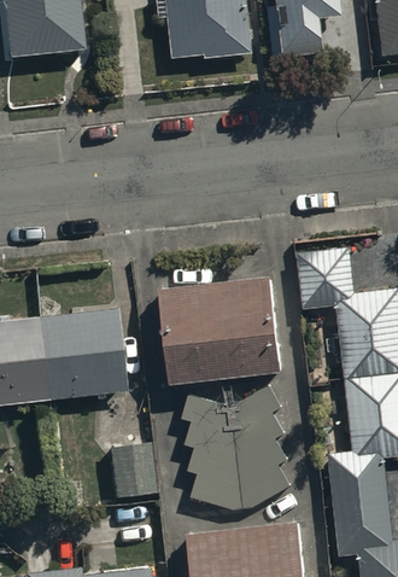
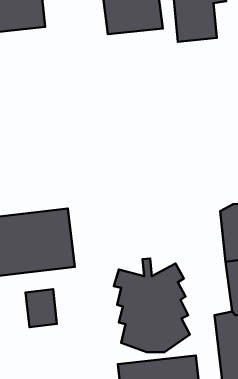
building: [297,252,352,314] -> none
building: [160,273,282,381] -> none
building: [112,444,157,499] -> [25,289,57,327]

